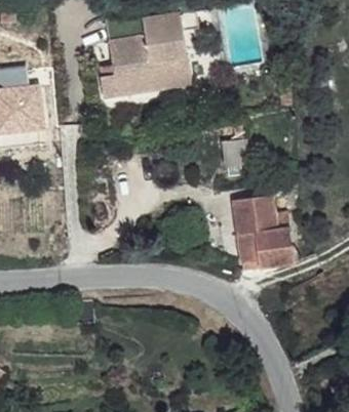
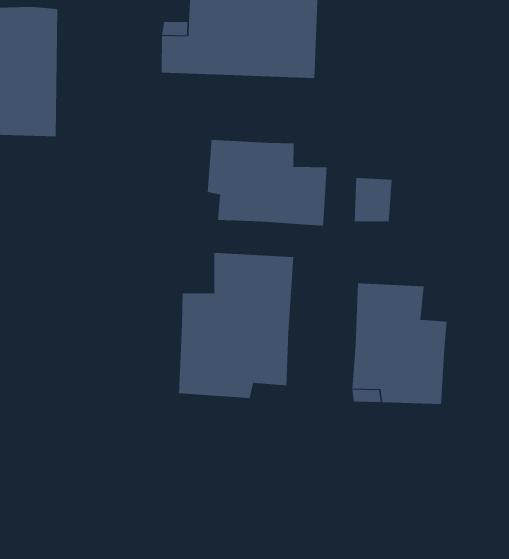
building: none -> [207,139,327,227]
building: none -> [178,252,294,399]

